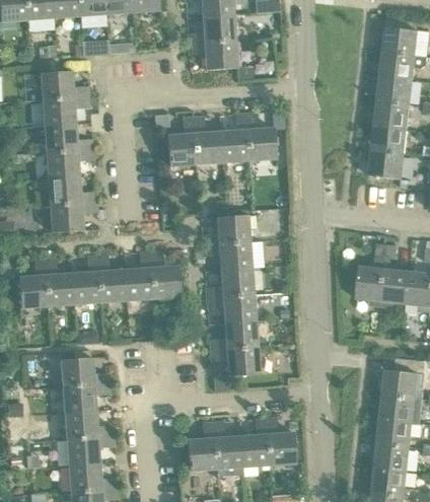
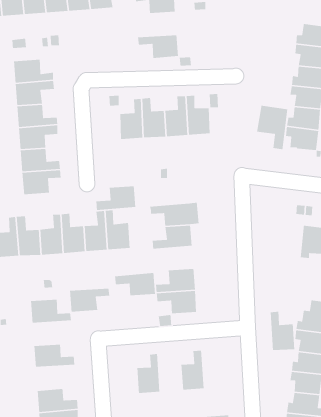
building: [188,15,235,45] -> none
building: none -> [256,105,288,150]
building: [201,216,249,246] -> [95,185,136,211]
building: [356,266,385,308] -> none
building: [206,294,256,322] -> [114,272,156,296]
building: [62,383,111,413] -> [69,288,110,312]
building: [265,417,295,464] -> [270,311,295,351]
building: [212,421,242,477] -> none
building: [66,436,115,467] -> none

